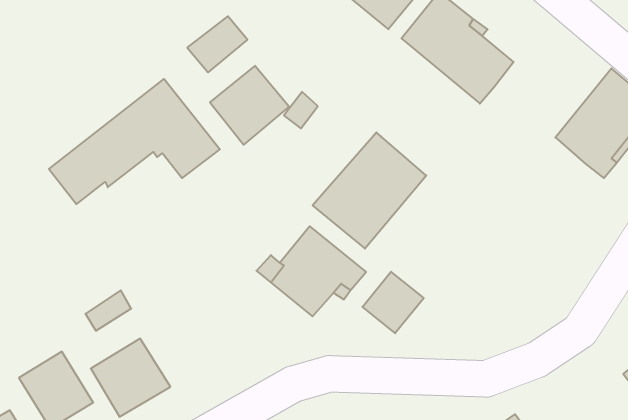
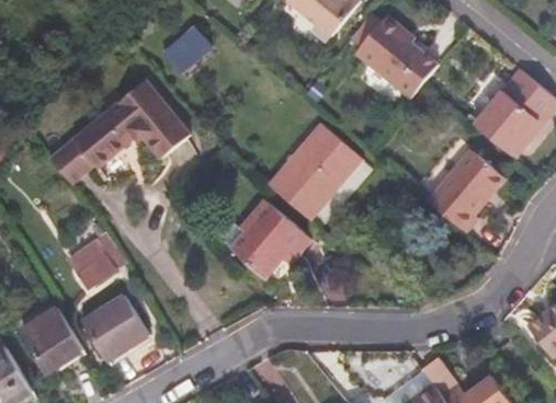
building: [210,66,289,145] -> none
building: none -> [422,151,499,234]
building: [362,272,424,333] -> none

